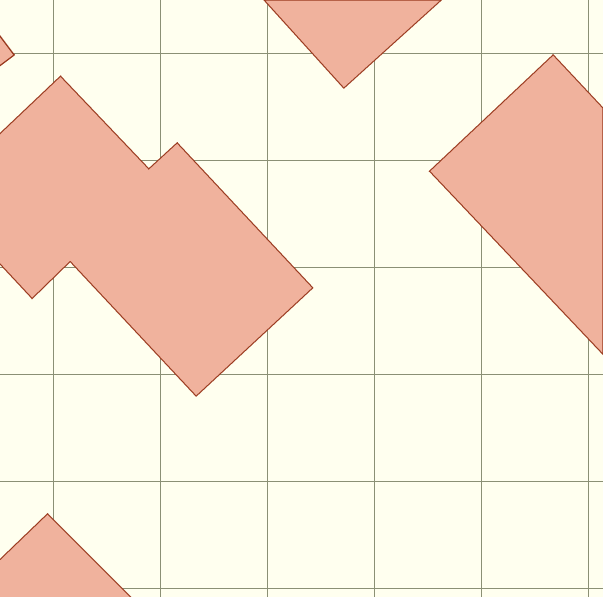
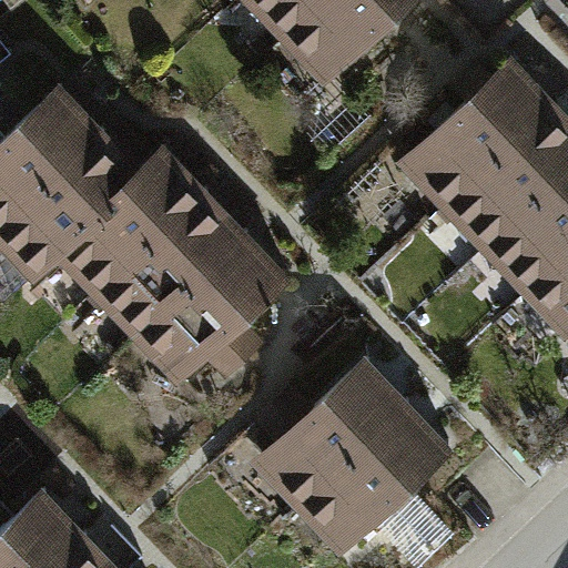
building: none -> [251,355,454,558]

